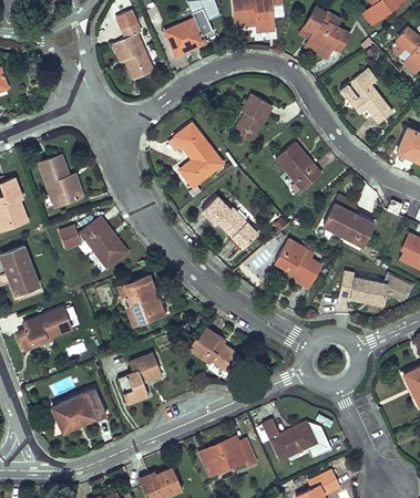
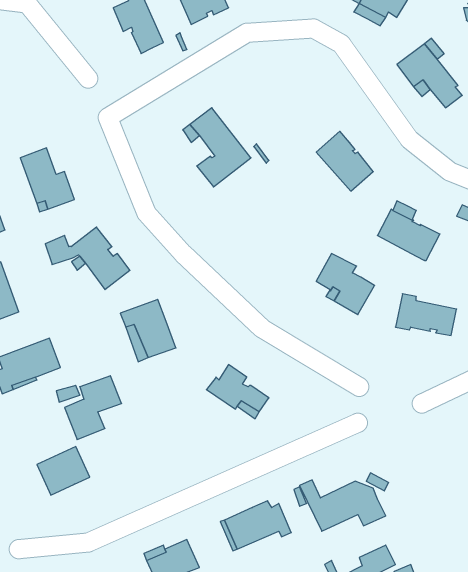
building: [234,94,272,141] -> none
building: [202,196,257,248] -> none
building: [116,353,162,404] -> [65,376,122,440]

